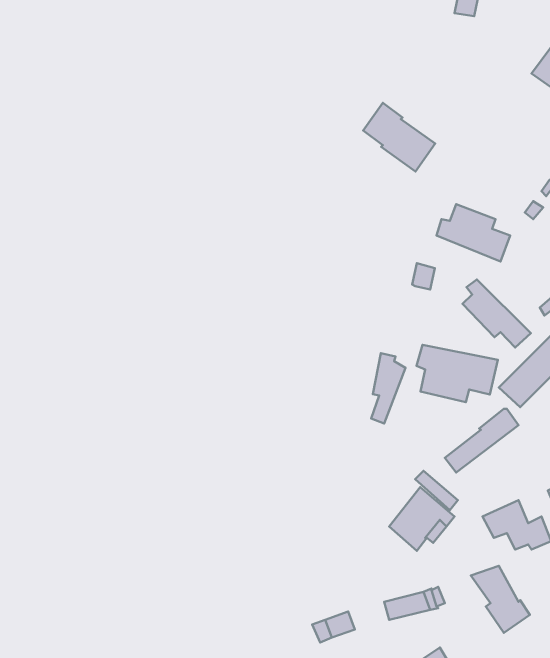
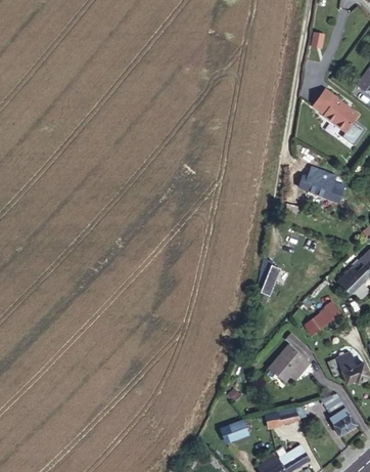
building: [363,103,435,171] -> [313,89,358,132]
building: [463,279,531,347] -> none
building: [417,345,498,402] -> none

